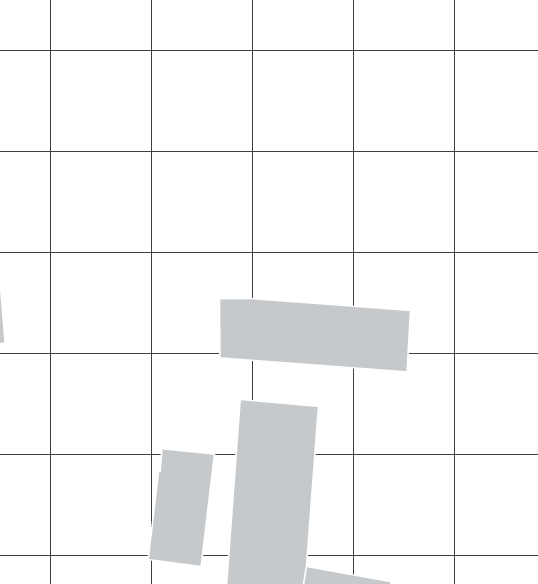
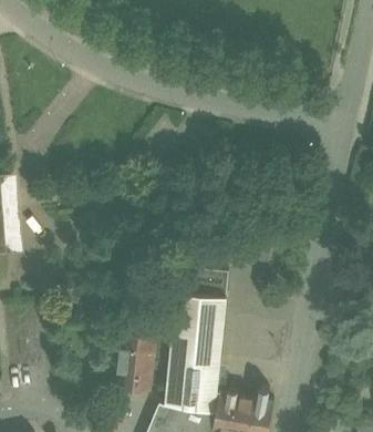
building: [220,298,411,372] -> none

